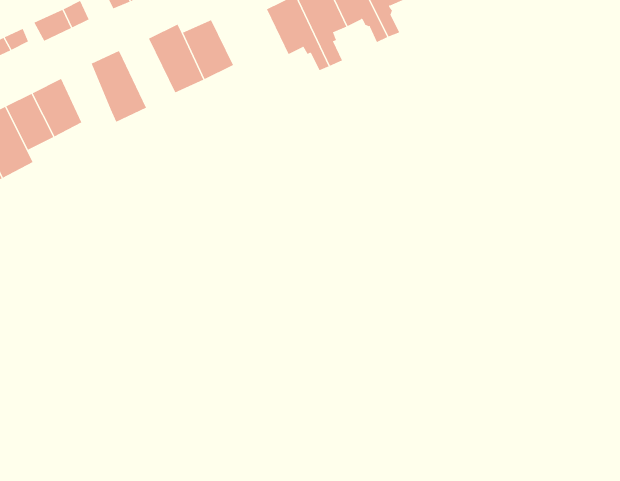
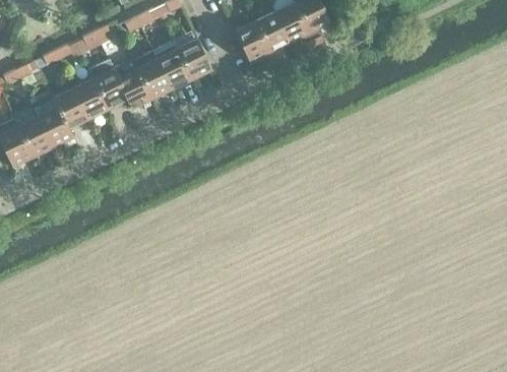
building: none -> [134,51,172,99]
building: none -> [88,59,127,109]

